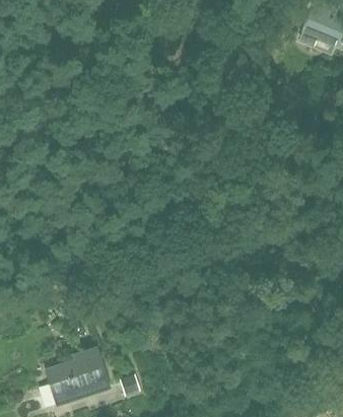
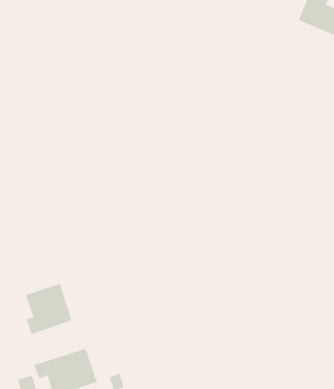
building: none -> [25,283,72,335]

